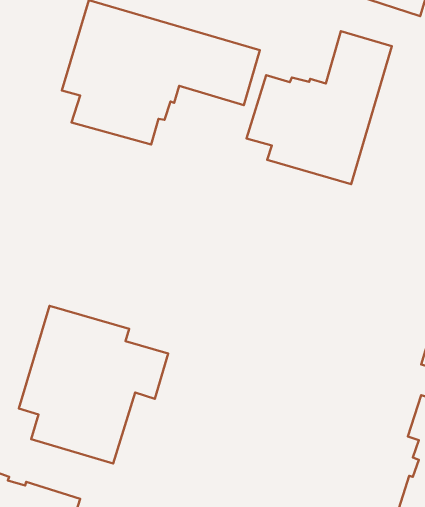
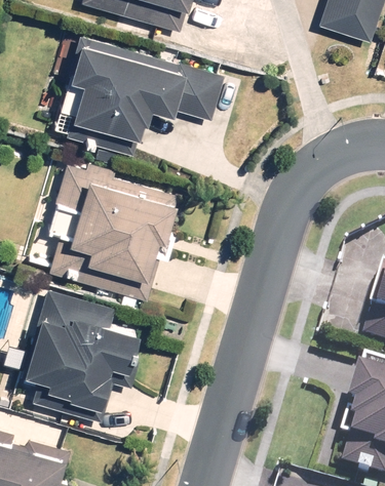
building: [246,31,392,184] -> none
building: none -> [52,150,187,294]

